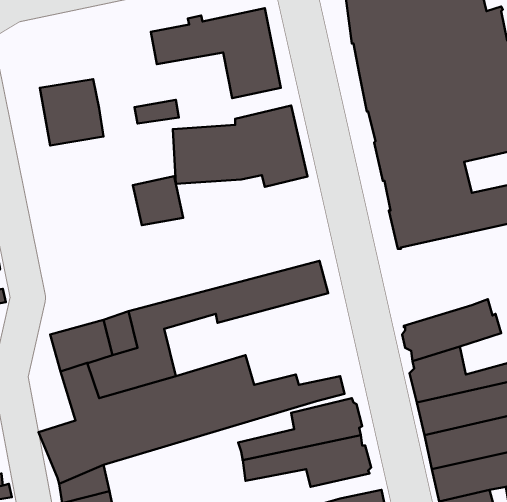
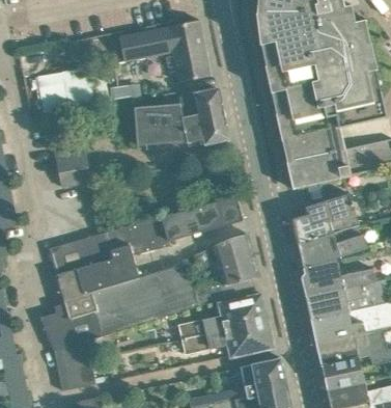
building: [133,176,183,225] -> [54,153,89,187]
building: none -> [290,193,354,243]
building: none -> [191,234,257,284]

